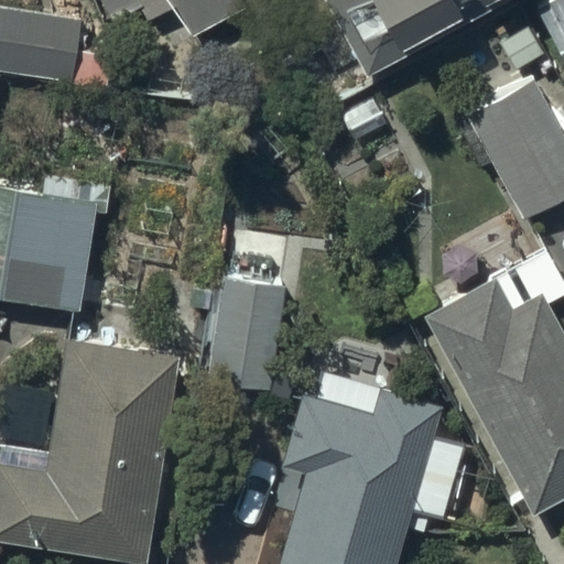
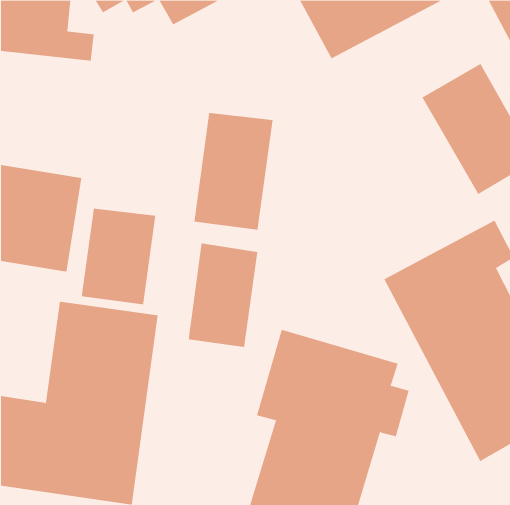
building: none -> [194,112,273,231]
building: none -> [81,208,156,305]

